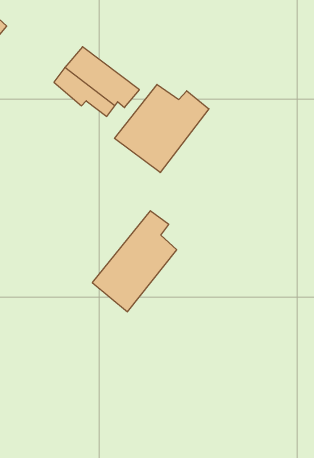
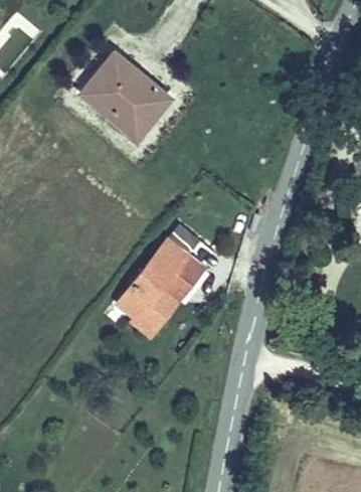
building: [115,84,209,173] -> none

